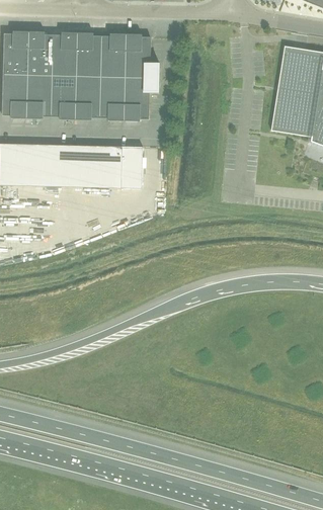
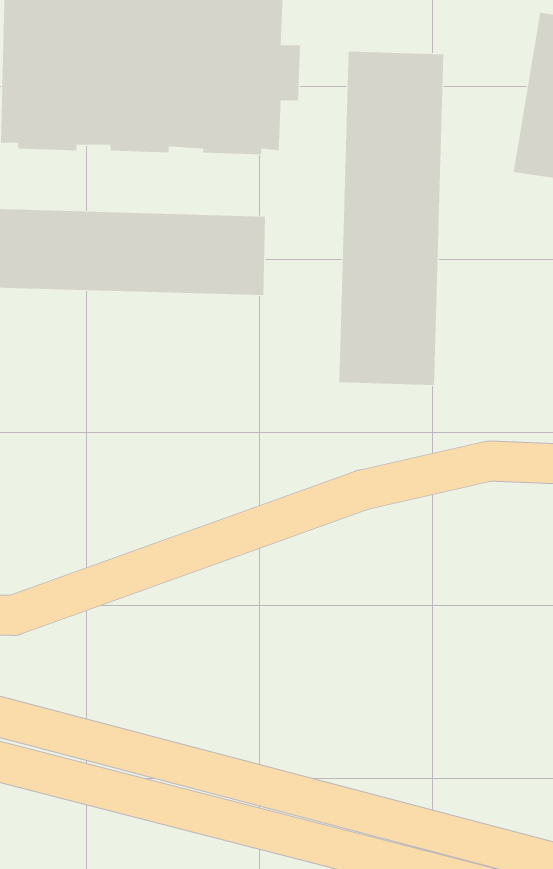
building: none -> [339,51,444,386]

